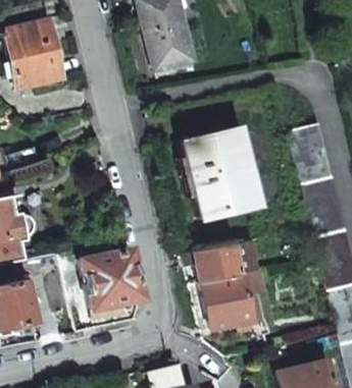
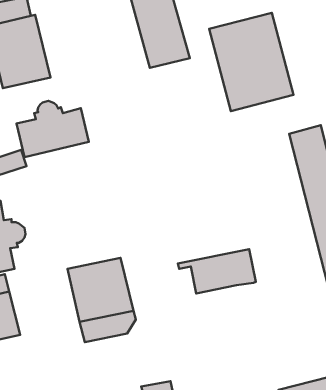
building: none -> [17,101,89,157]
building: [180,126,259,219] -> [209,13,294,111]
building: [201,272,261,329] -> none

